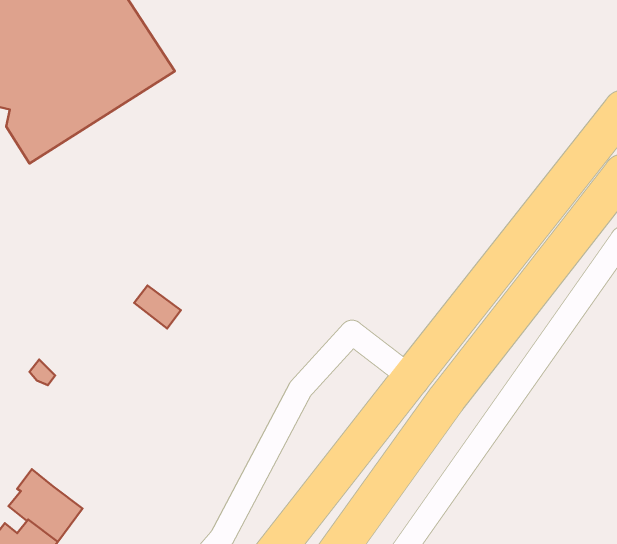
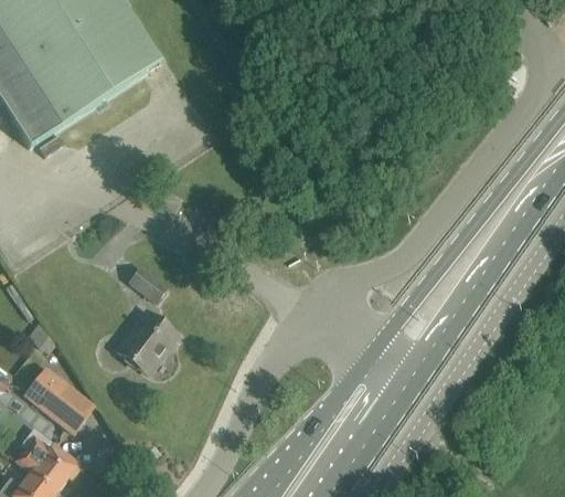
building: none -> [117,309,178,372]
building: none -> [23,367,94,432]

